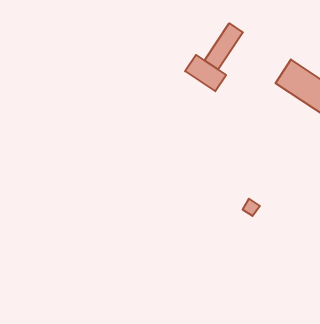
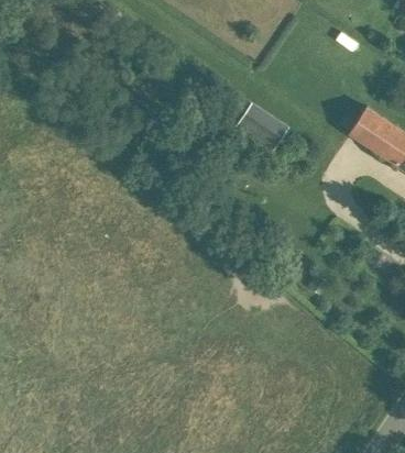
building: [204,23,243,70] -> none

